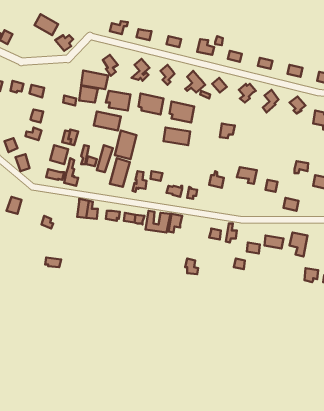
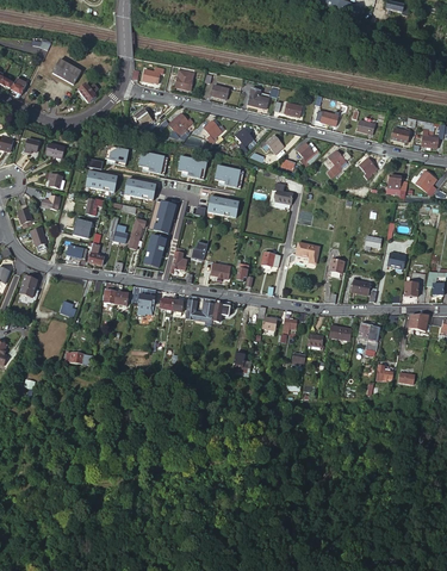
building: [81,70,108,89] -> [86,168,118,191]

